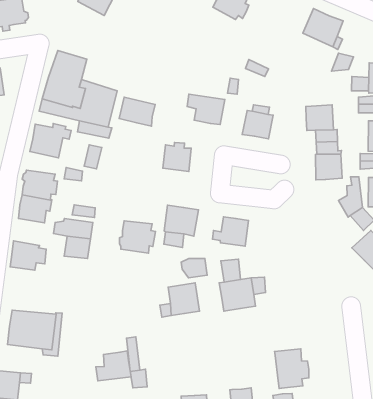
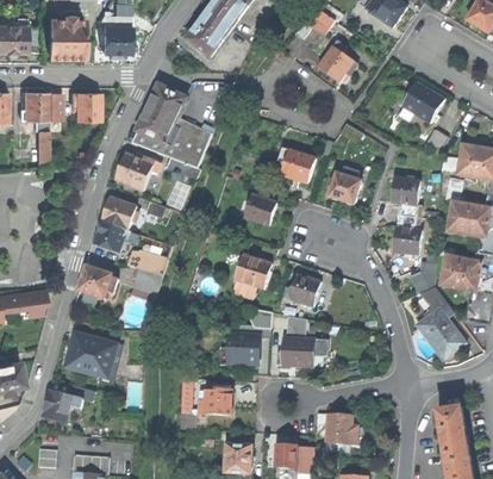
building: [119,97,155,126] -> none
building: [119,221,155,253] -> none
building: [96,351,131,381] -> [199,388,232,415]

